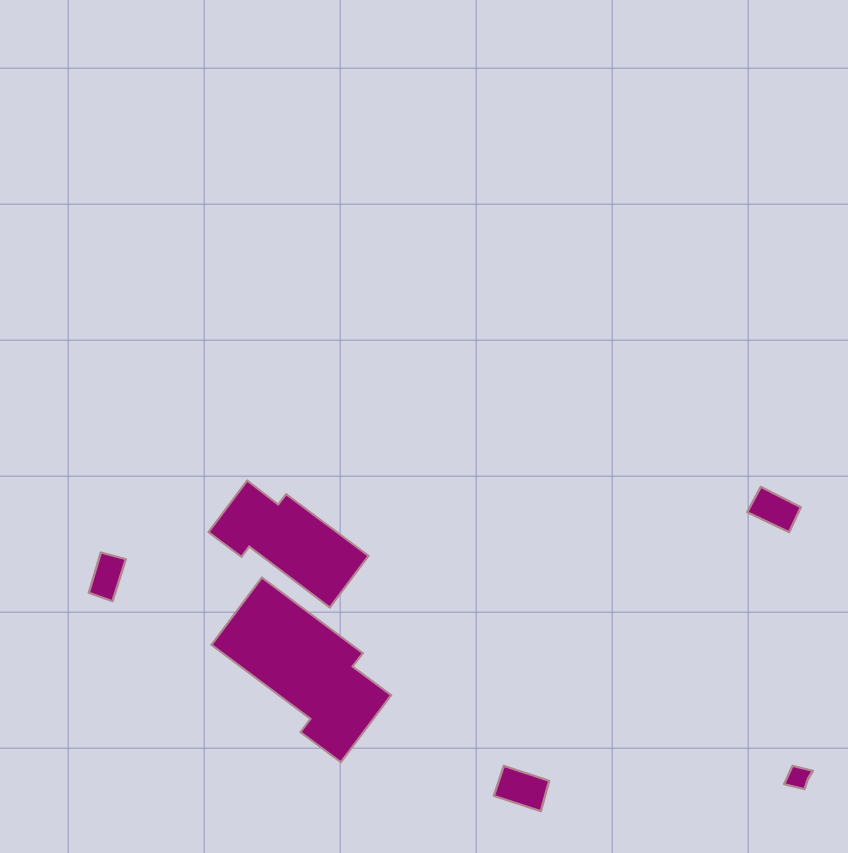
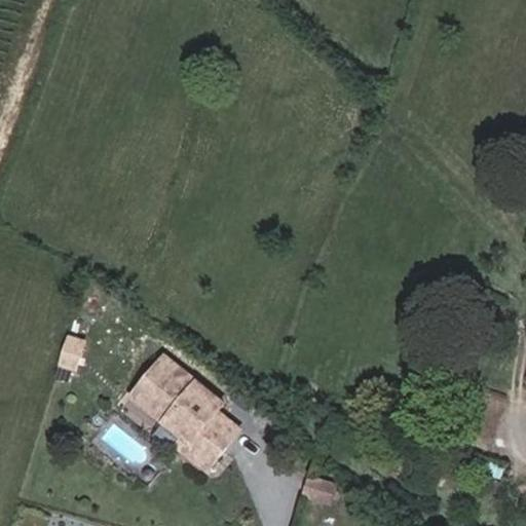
building: [208,481,368,607] -> none

